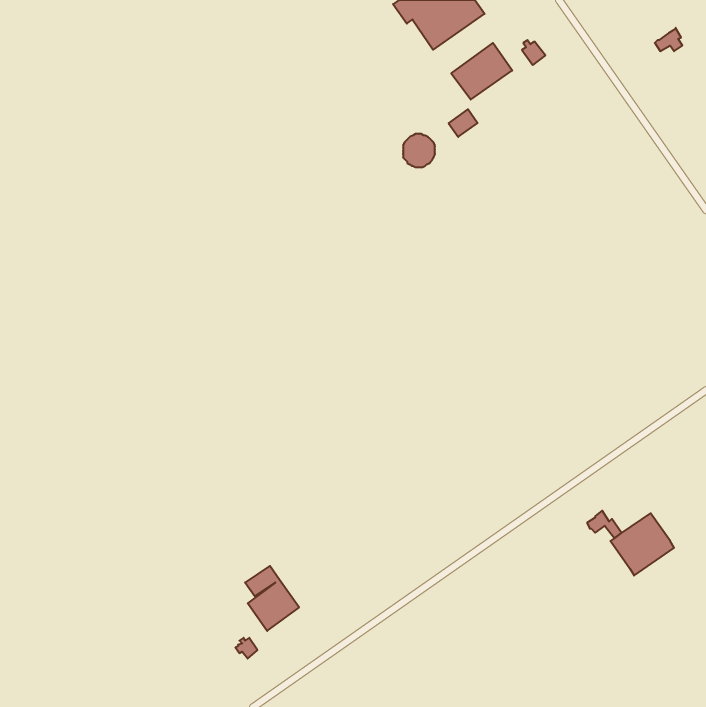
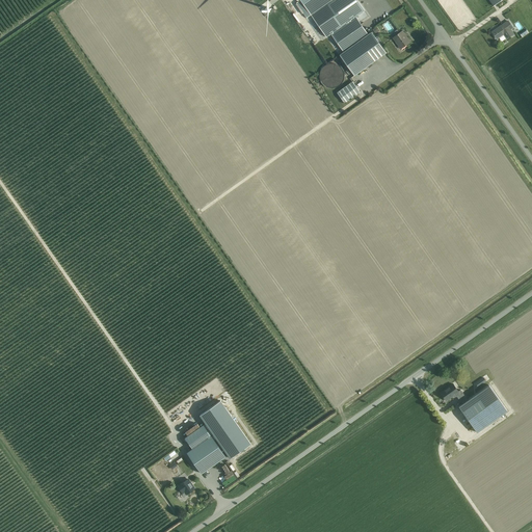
building: none -> [330,17,368,52]
building: [403,134,435,167] -> [319,63,343,88]
building: none -> [198,401,249,458]

